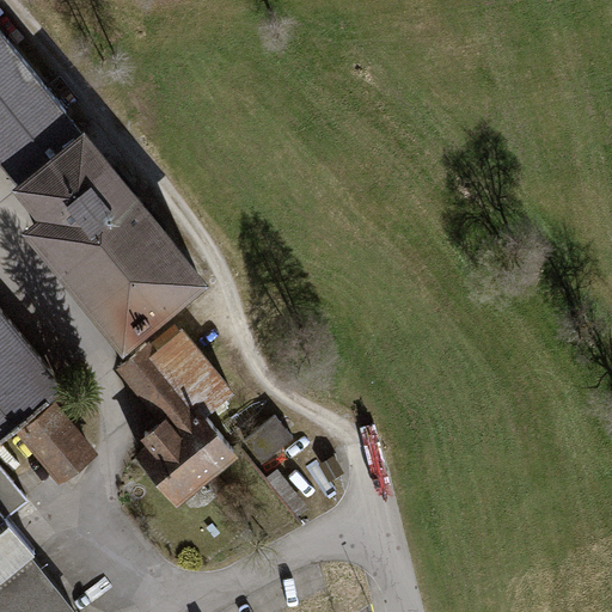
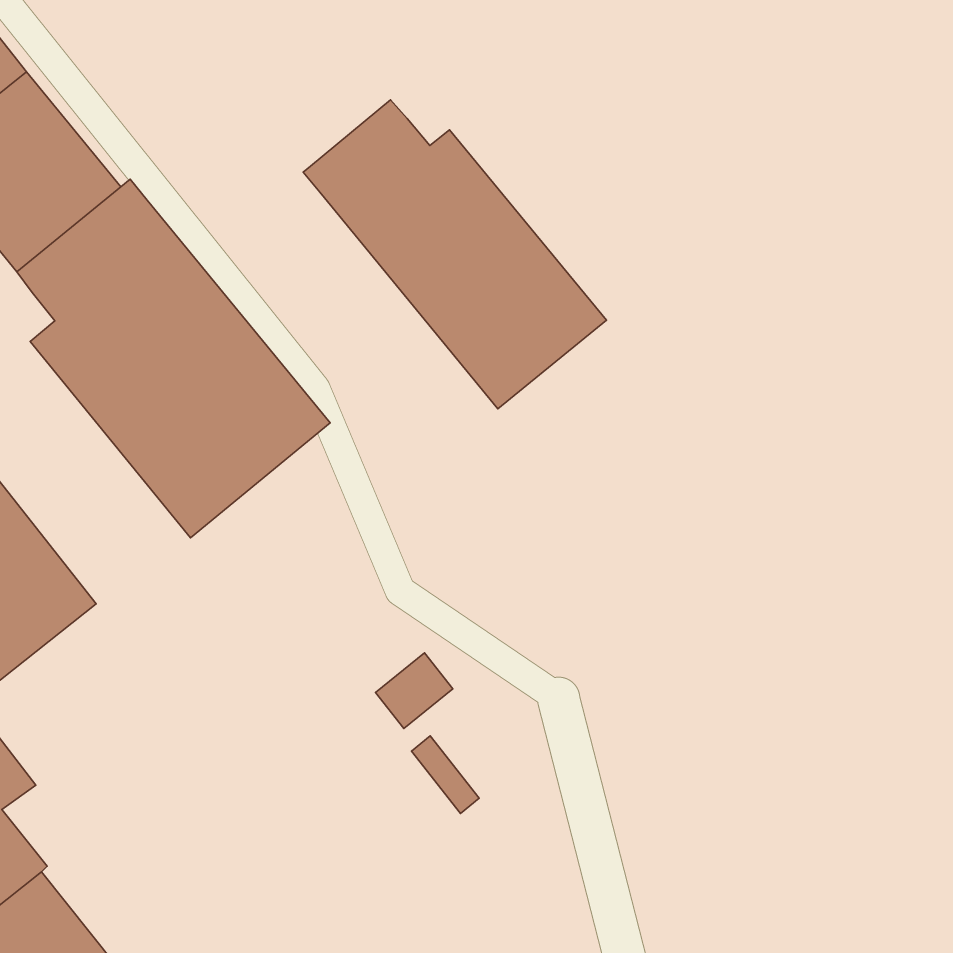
building: none -> [303,100,606,409]
building: [111,328,237,506] -> none
building: [11,405,93,490] -> none

